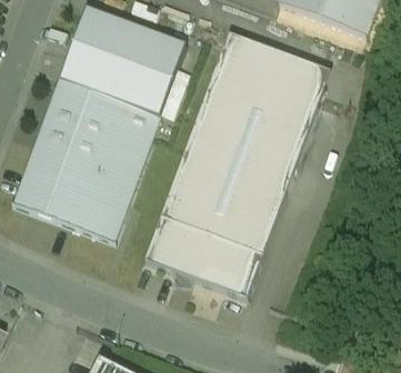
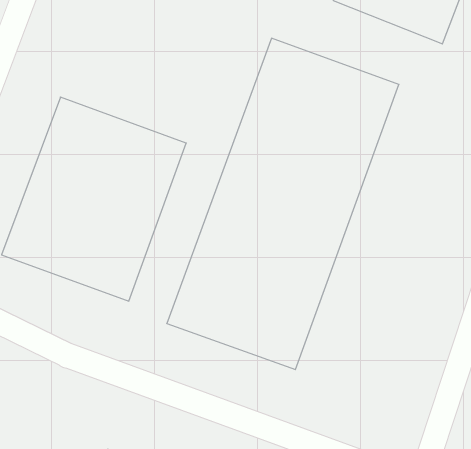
building: [61,7,188,114] -> none

